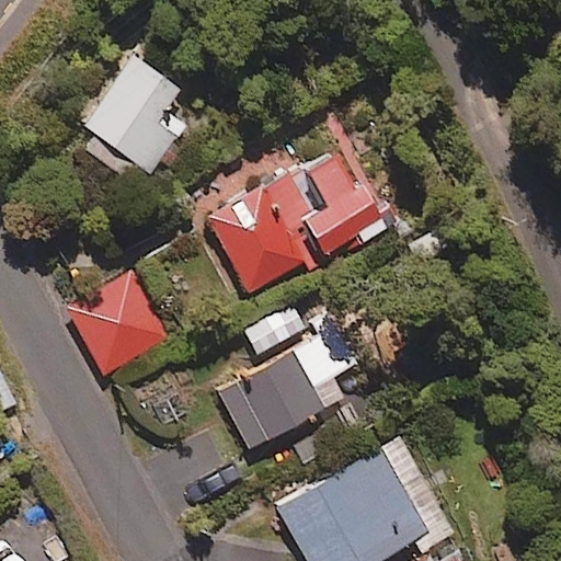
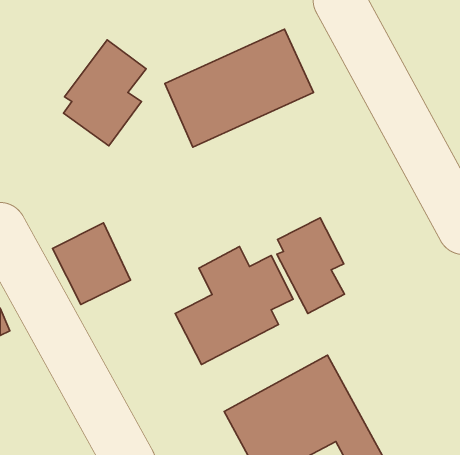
building: [207,149,387,291] -> [165,29,314,147]
building: none -> [277,218,345,314]

